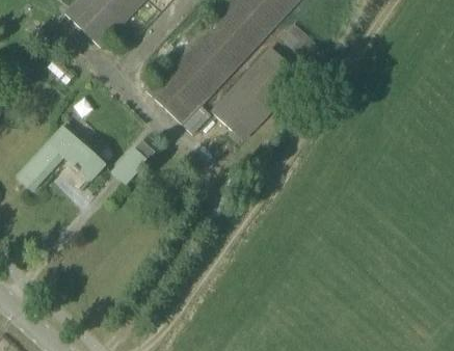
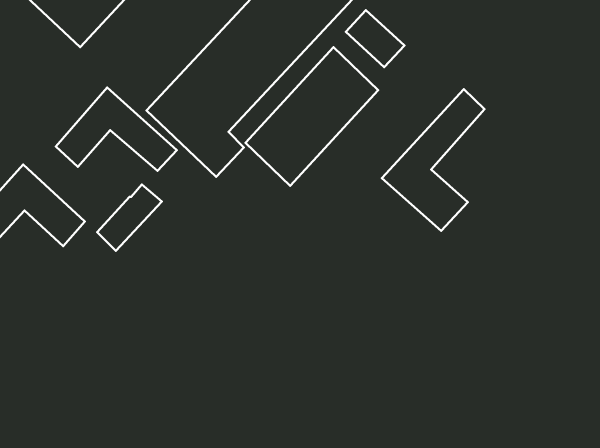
building: none -> [56,87,177,171]
building: none -> [382,89,485,231]

